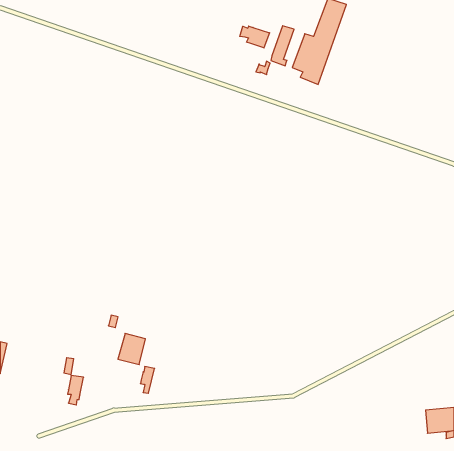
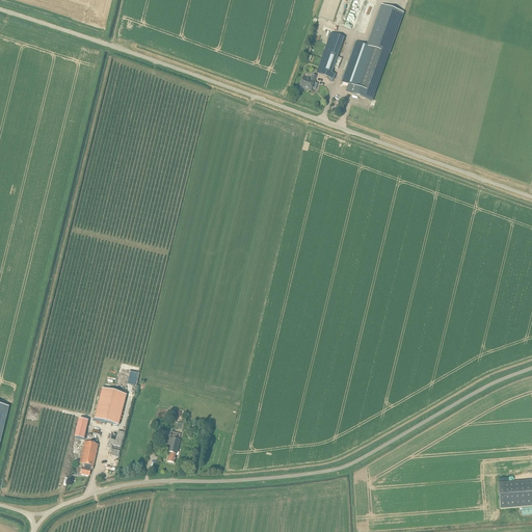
building: [240,26,270,48] -> none
building: [118,333,145,365] -> [94,387,126,423]

